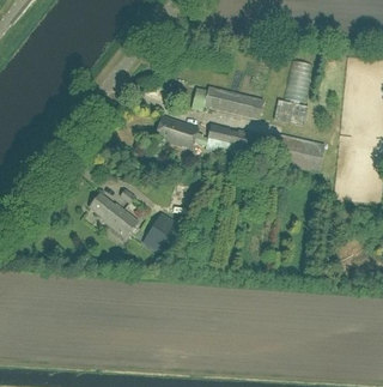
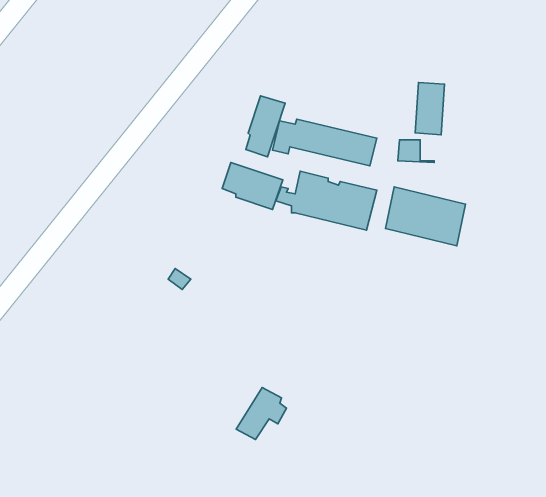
building: none -> [246,96,285,157]
building: [90,194,138,237] -> none
building: [142,213,177,249] -> [236,387,287,440]

